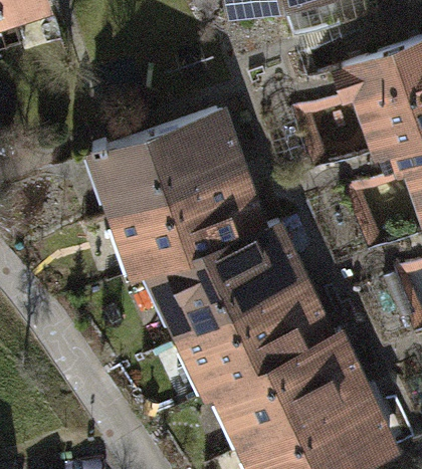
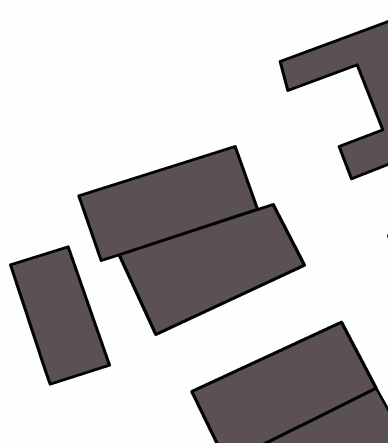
building: [84,113,247,218] -> none
building: none -> [10,247,110,384]
building: [176,280,343,395] -> none

